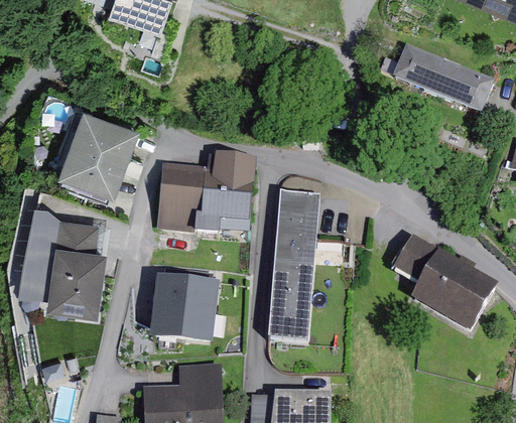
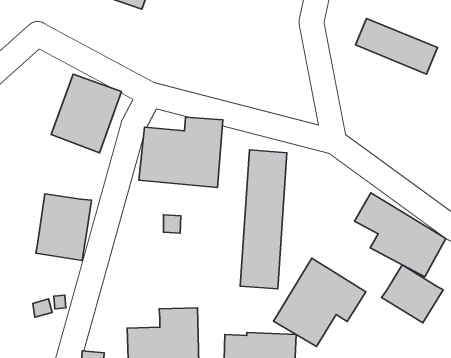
building: [19,201,96,294] -> none
building: [152,281,220,345] -> none
building: none -> [274,258,366,347]
building: none -> [381,265,443,323]

